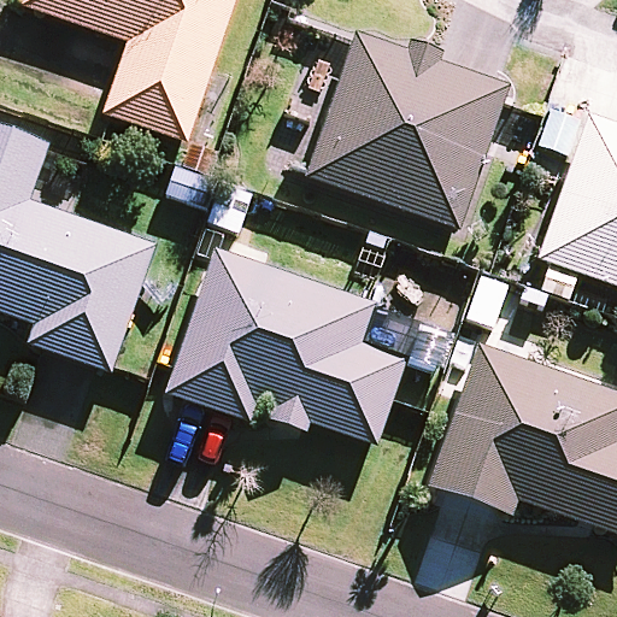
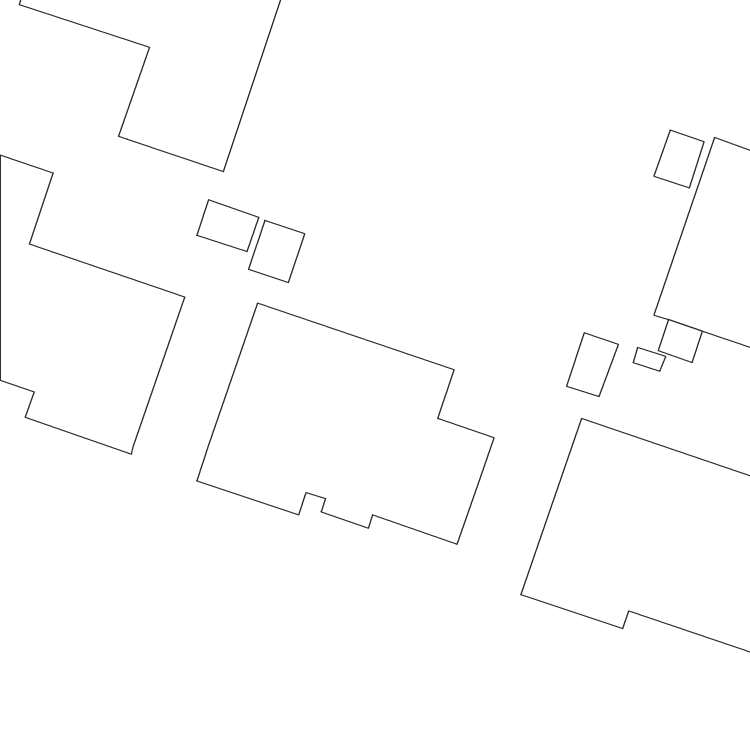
building: [305,29,507,227] -> none

